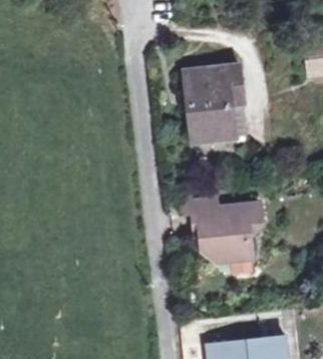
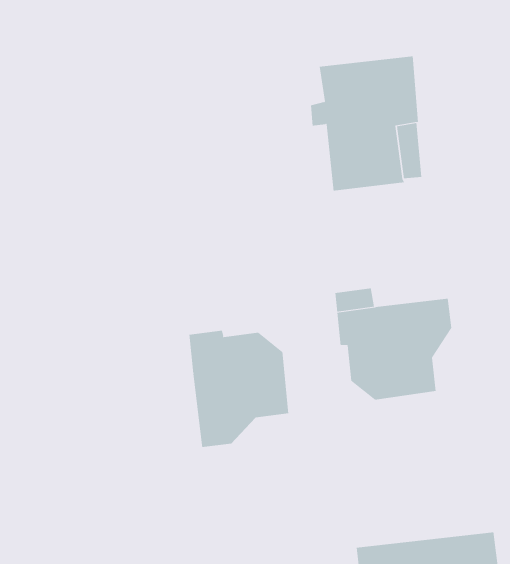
building: none -> [189,330,289,448]

